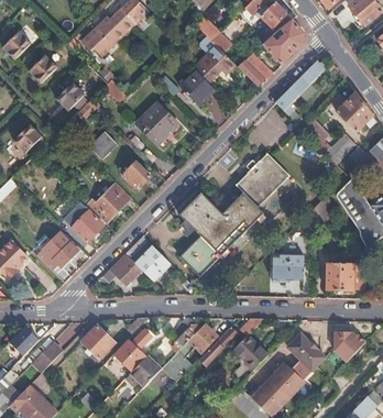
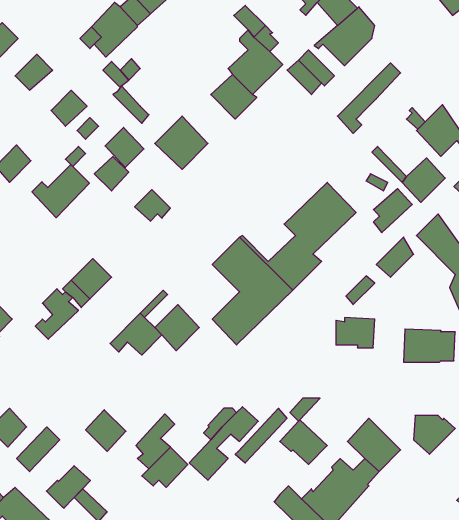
building: none -> [105,127,144,168]
building: none -> [373,189,412,233]
building: [87,182,131,222] -> [32,165,89,218]
building: none -> [46,466,90,508]

